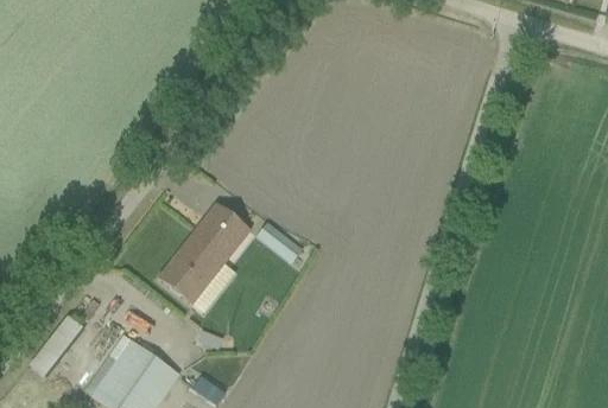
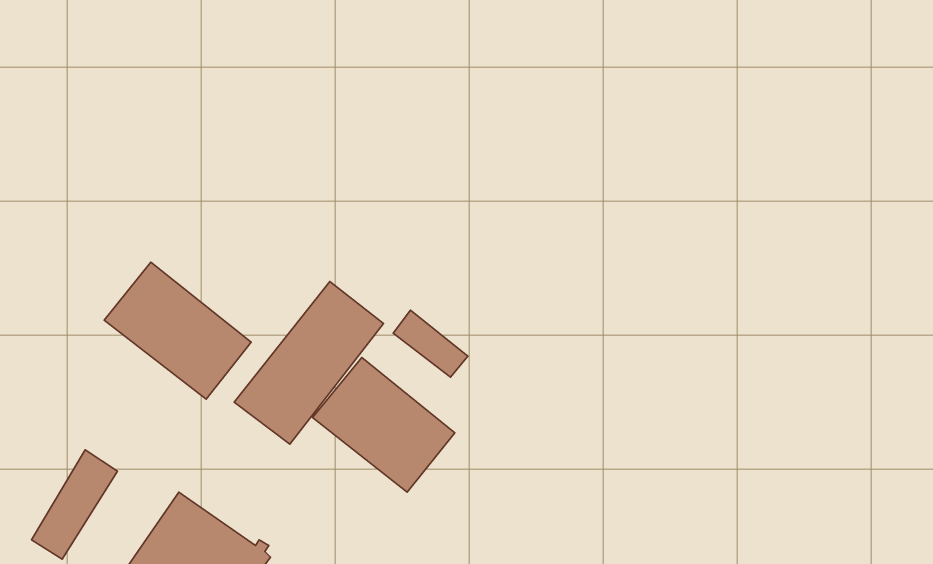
building: none -> [104,262,251,399]
building: none -> [313,357,455,492]

